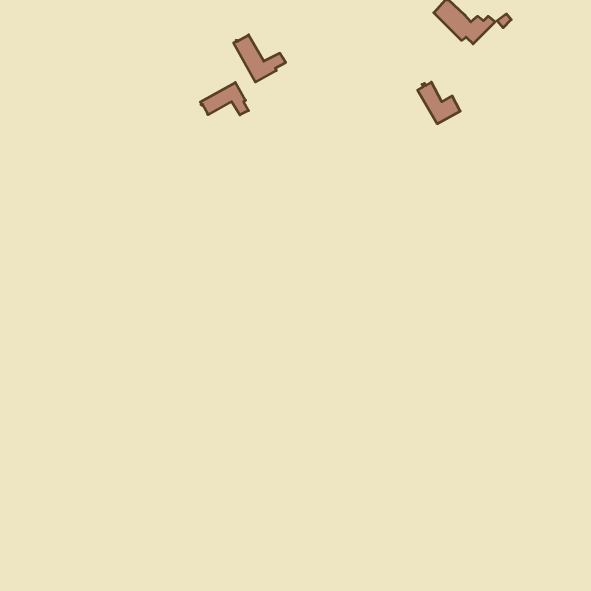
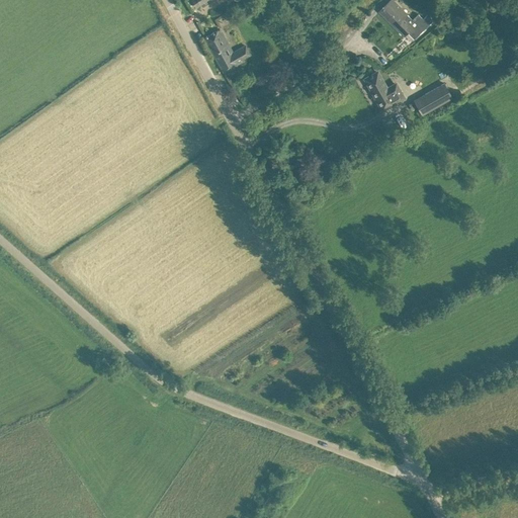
building: [200,82,249,115] -> none
building: none -> [425,83,452,108]

